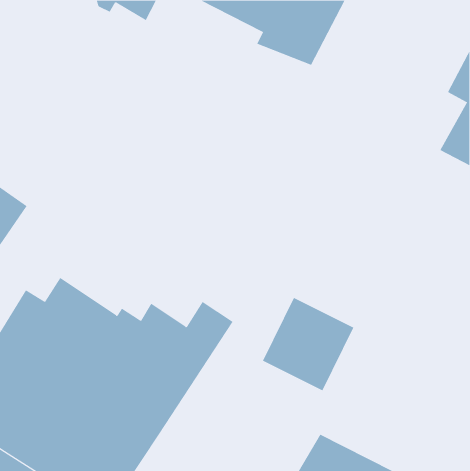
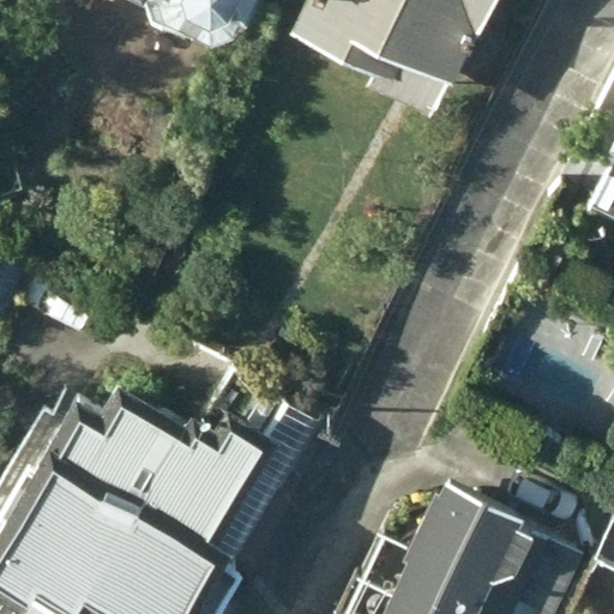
building: [262,297,354,391] -> [429,484,546,603]

